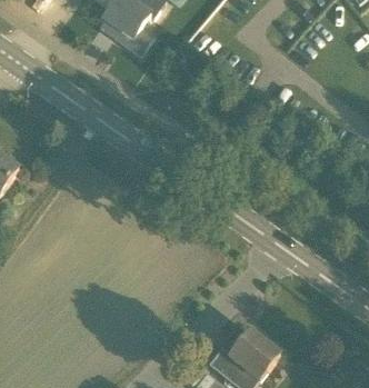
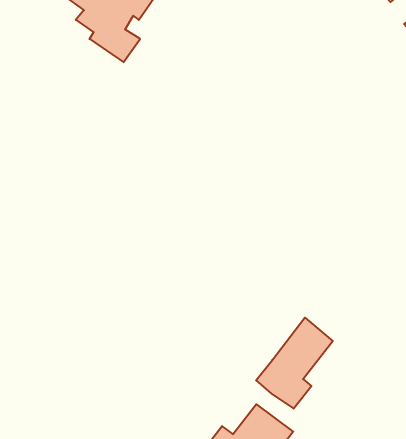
building: none -> [256,318,333,409]

